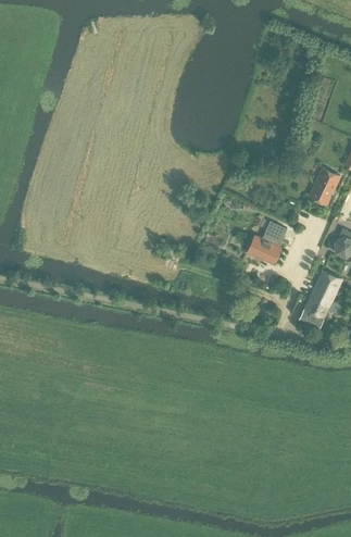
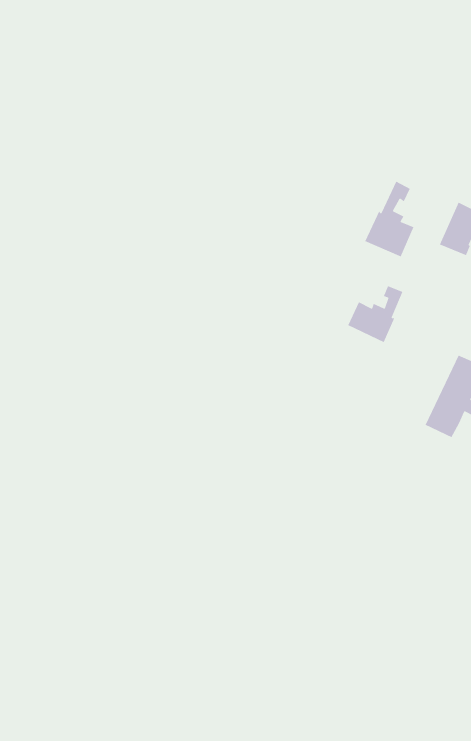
building: none -> [364,180,415,257]

